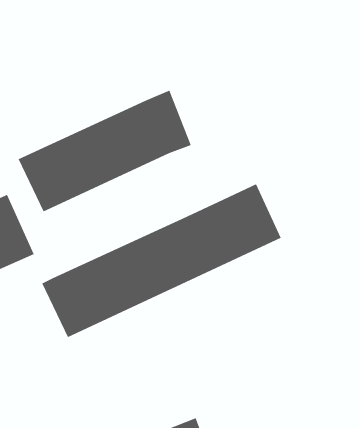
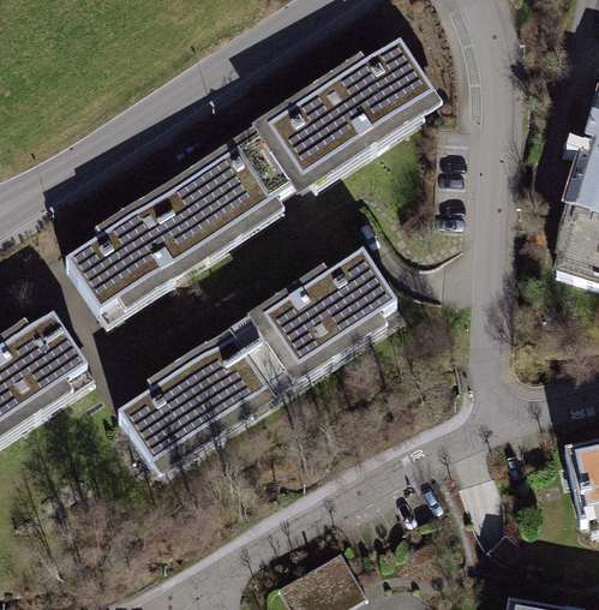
building: none -> [252,34,438,193]

